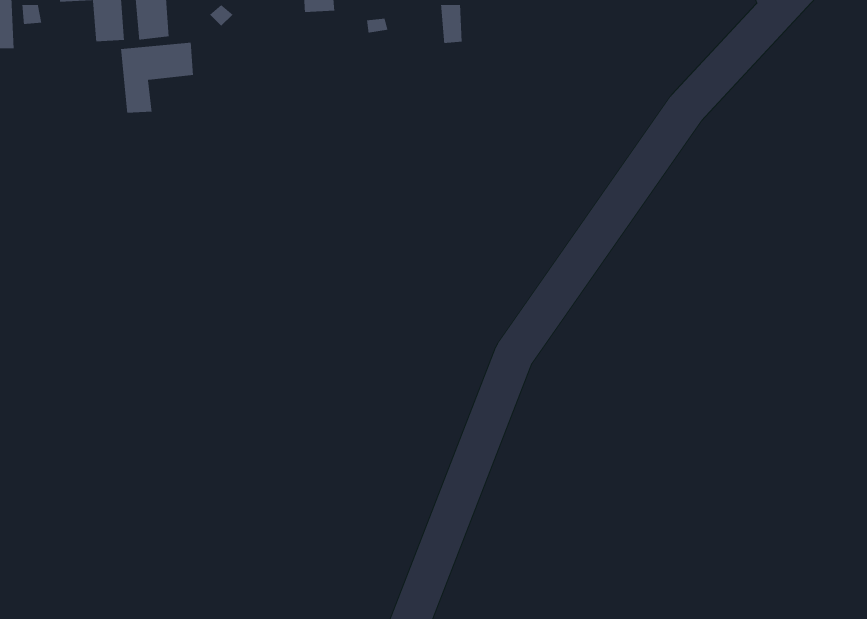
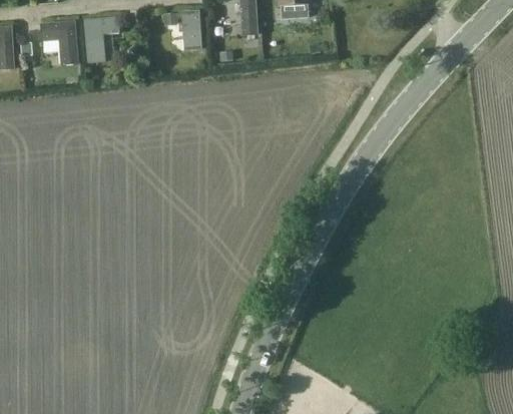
building: [120,42,194,113] -> none

